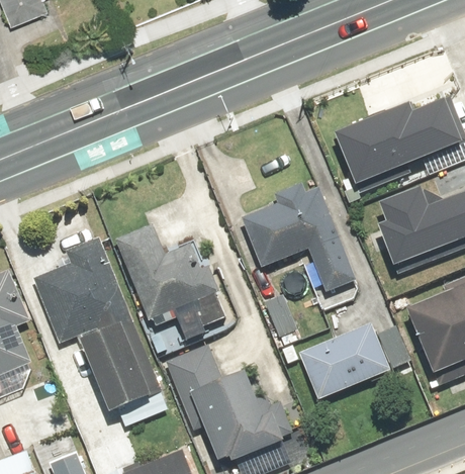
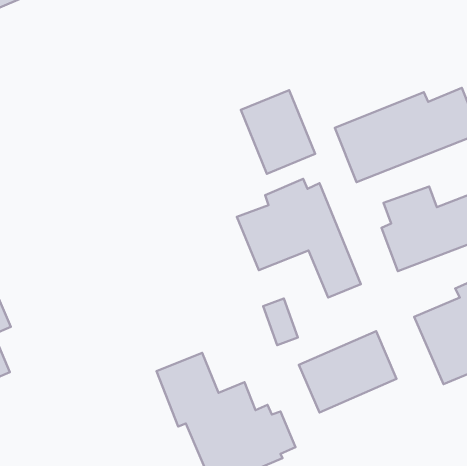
building: none -> [241,90,315,174]
building: [114,223,227,337] -> none
building: [37,239,168,425] -> none

